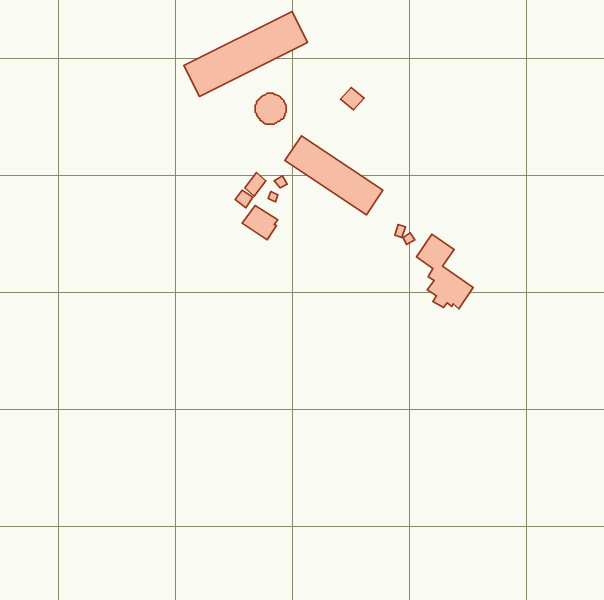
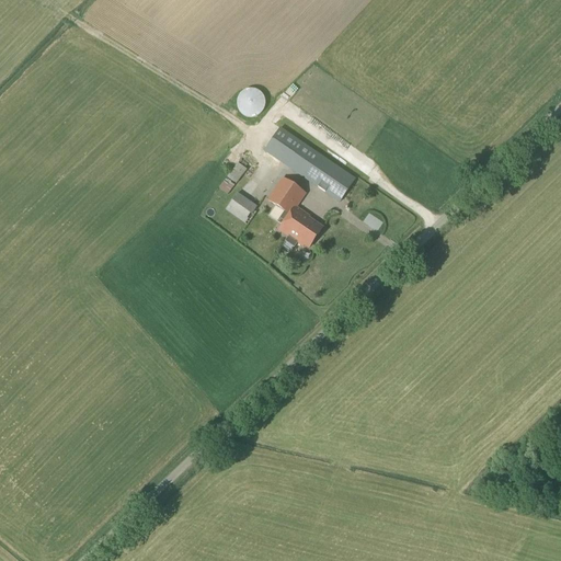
building: [184,12,308,96] -> none
building: [416,234,473,309] -> [268,176,321,245]

